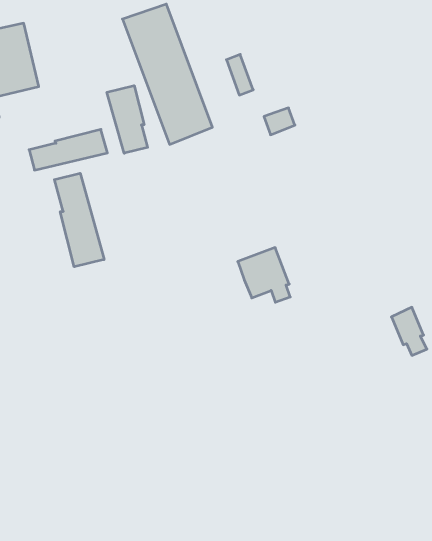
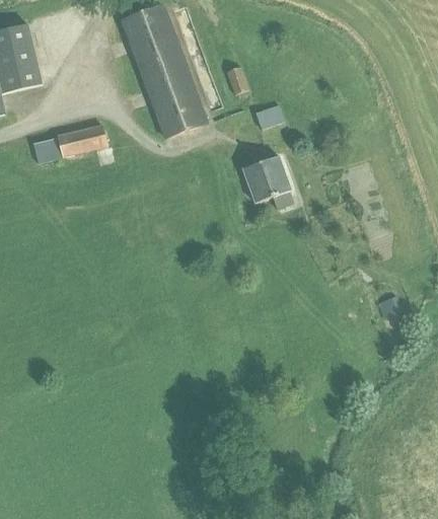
building: [107,86,148,153] -> none
building: [54,173,104,267] -> none
building: [238,248,290,302] -> [245,161,295,213]

